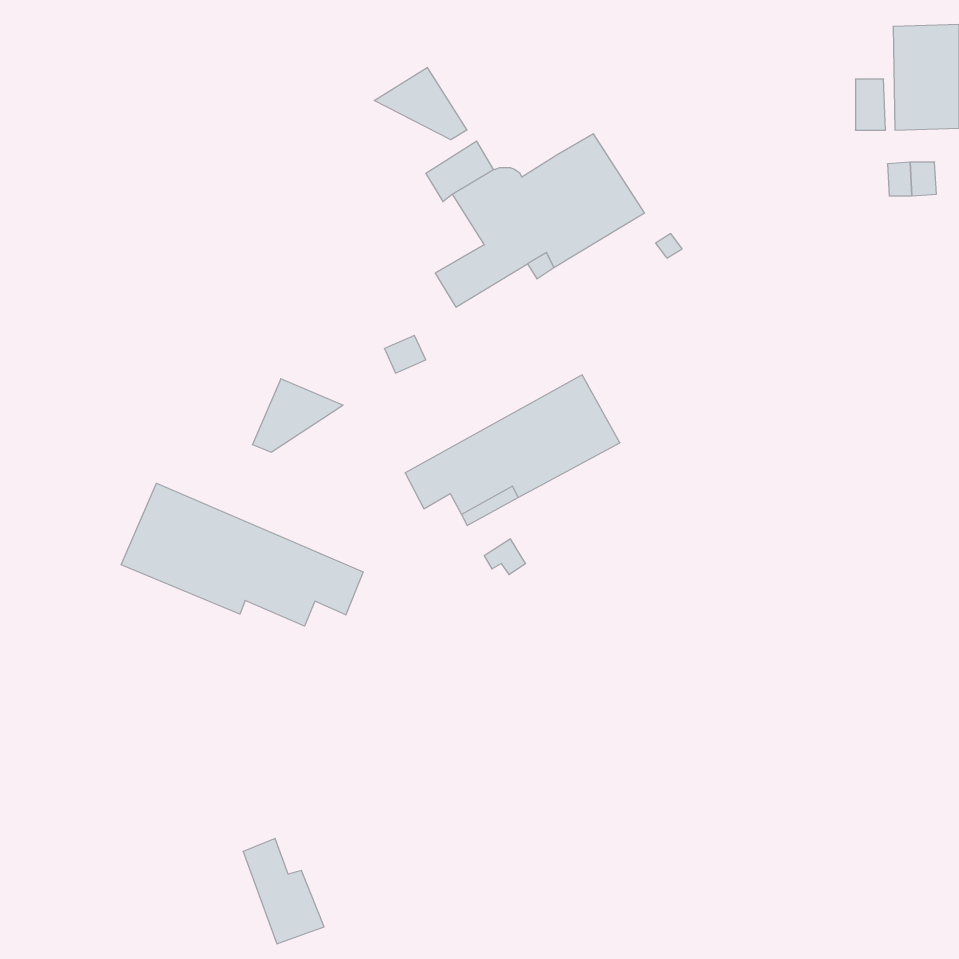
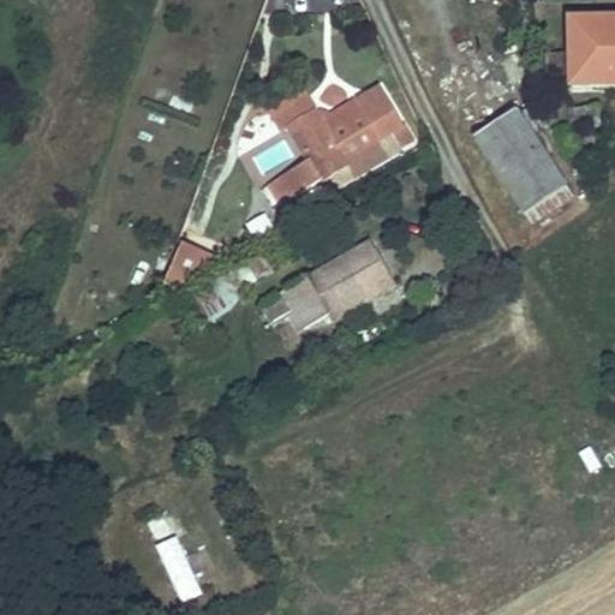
building: [374,67,467,140] -> none
building: none -> [472,103,573,221]
building: [121,483,363,626] -> none

